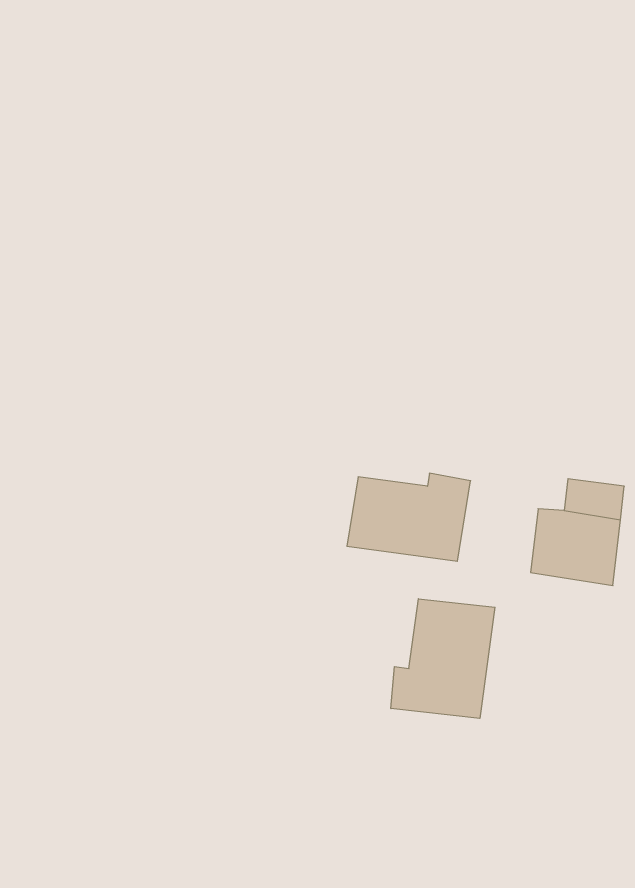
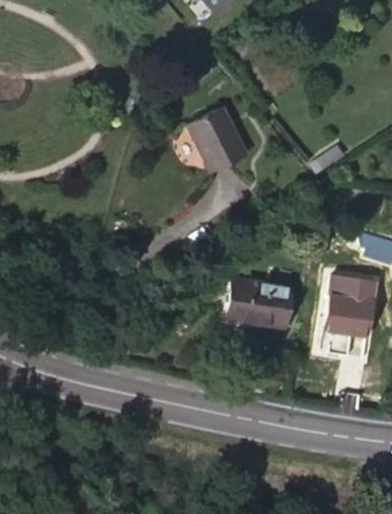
building: none -> [191,111,249,177]
building: [391,599,495,718] -> none

